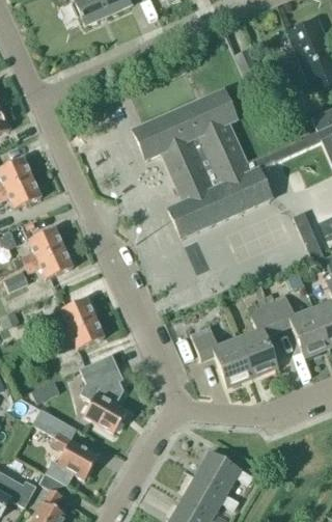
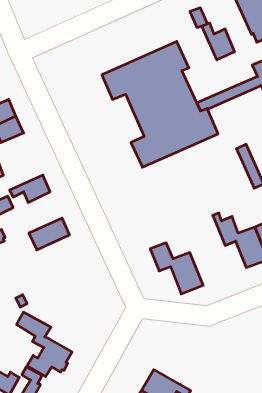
building: none -> [202,23,234,60]
building: [22,226,64,264] -> none
building: [238,303,279,376] -> none
building: [57,317,105,348] -> none
building: [80,354,127,433] -> none
building: [195,449,253,493] -> none

